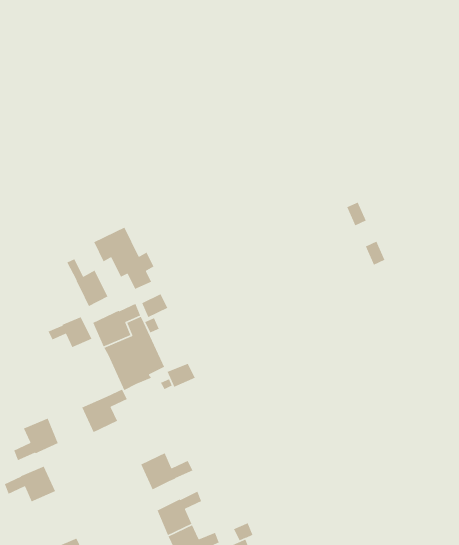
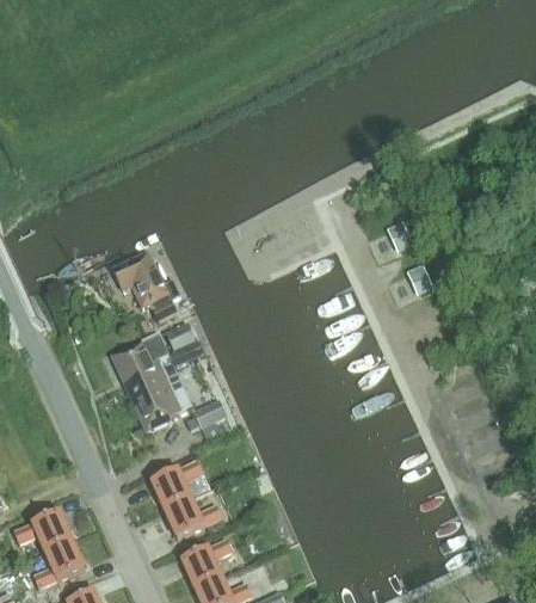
building: [66,258,109,307] -> none
building: [47,316,92,348] -> none
building: [81,389,128,433] -> [150,462,202,511]
building: [13,417,59,461] -> [33,541,84,589]

